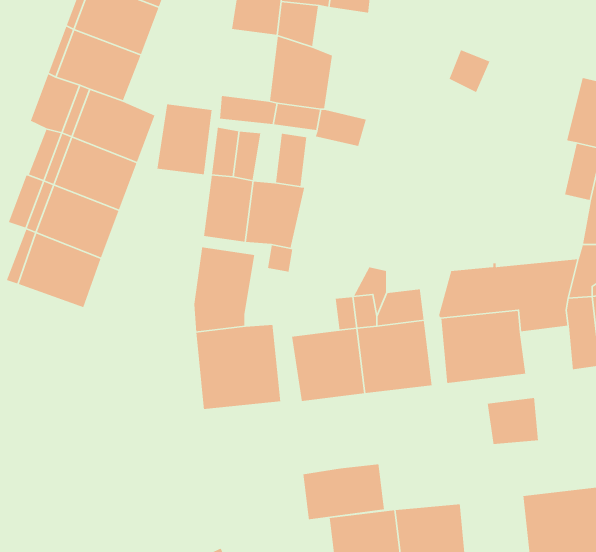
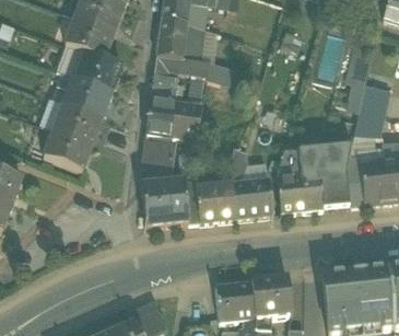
building: [157,104,212,175] -> [157,16,188,56]
building: [487,397,539,445] -> [321,179,350,206]
building: [303,464,385,520] -> none

